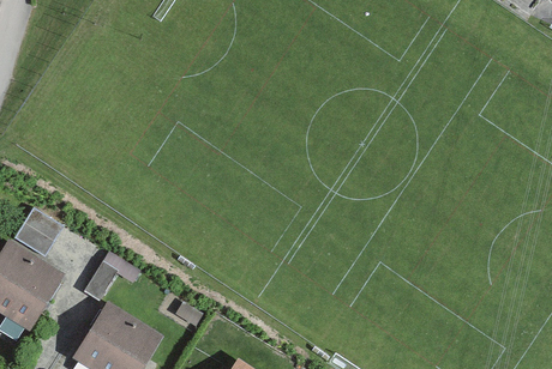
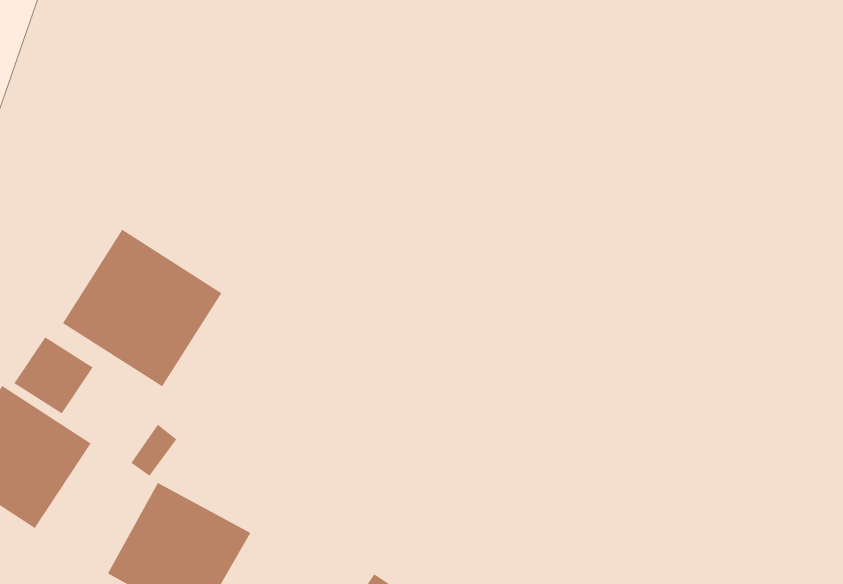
building: none -> [62,229,222,387]

